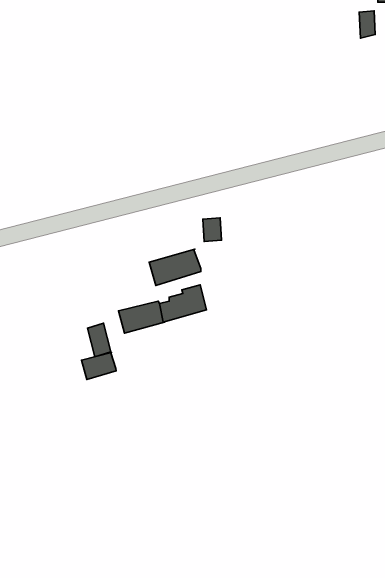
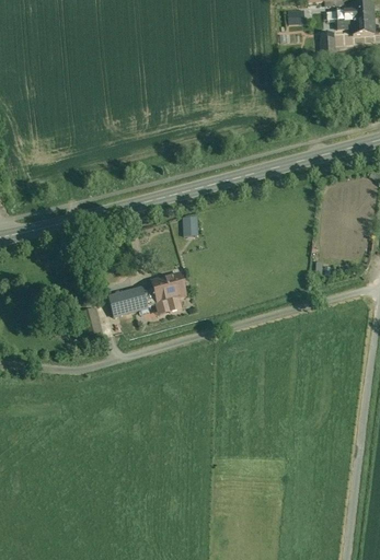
building: [149,249,201,286] -> none
building: [82,352,116,379] -> none

